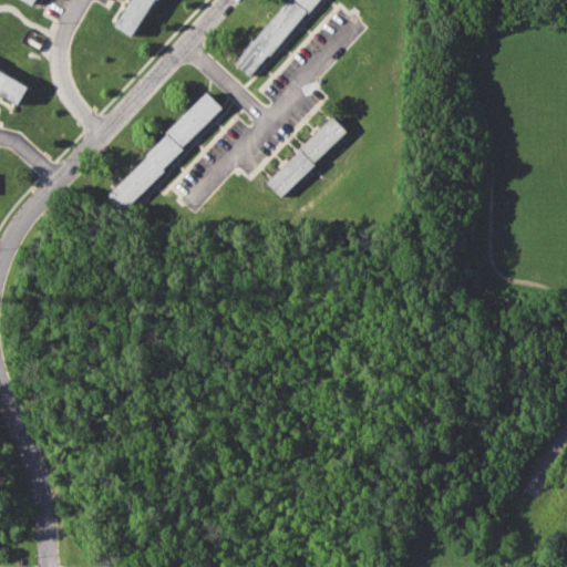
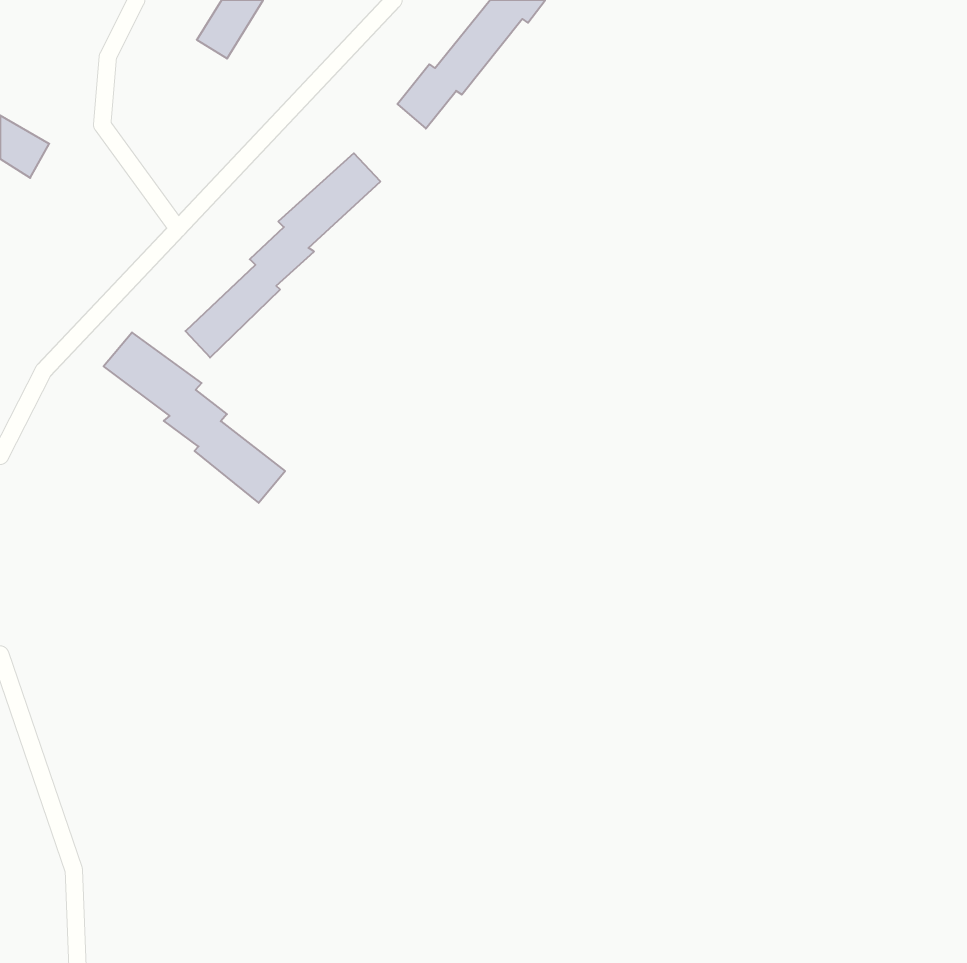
building: [265,116,347,198] -> none
building: none -> [104,332,285,503]

